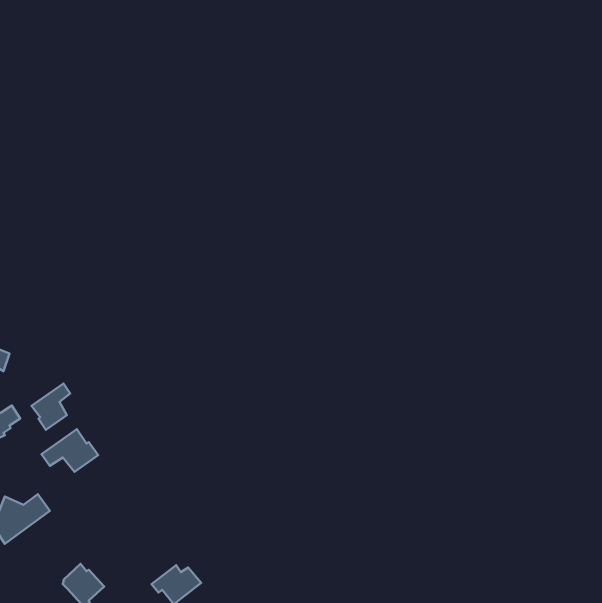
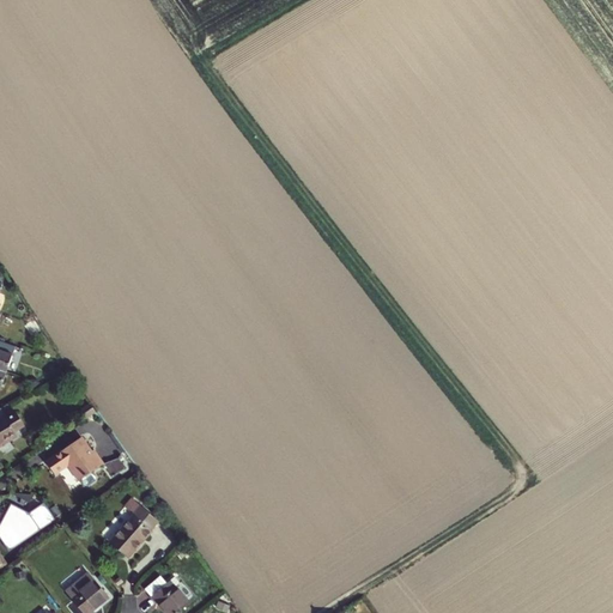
building: [32,384,70,430] -> none
building: none -> [108,505,154,557]

